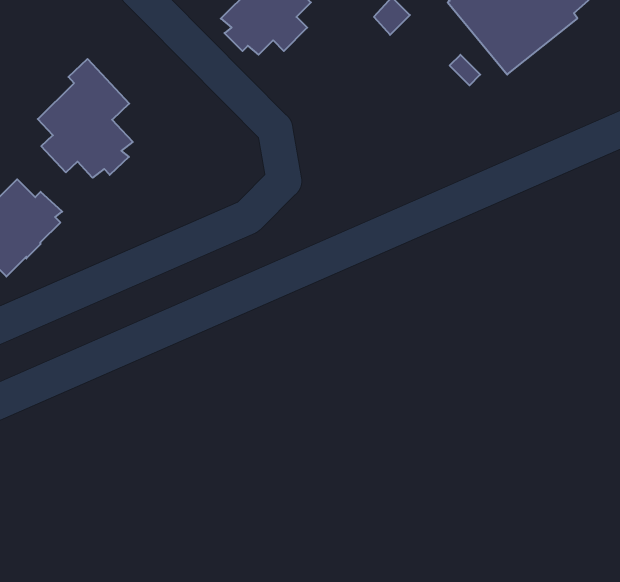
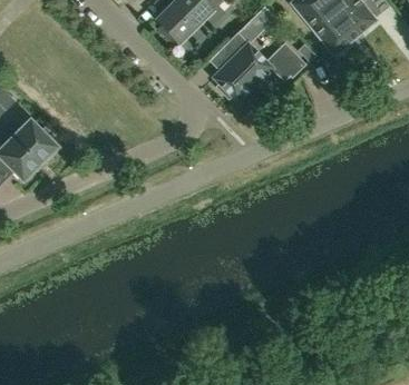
building: none -> [213,32,306,102]
building: [38,59,133,178] -> none

